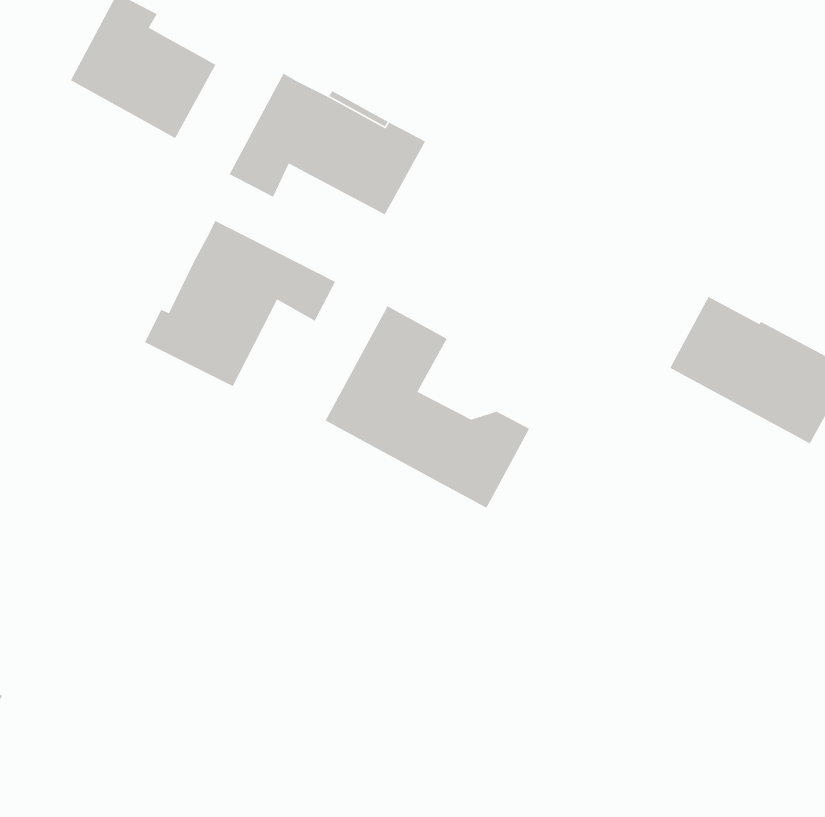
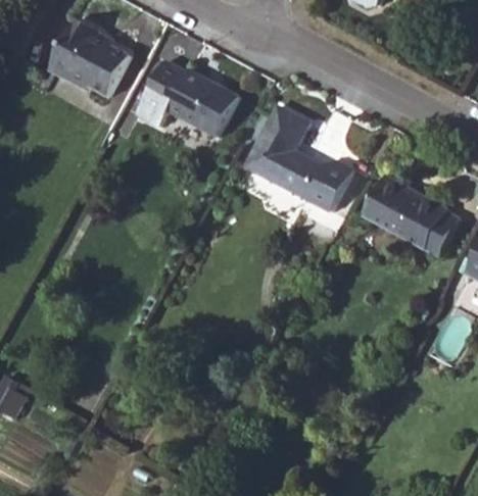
building: [144,220,336,387] -> none
building: [324,305,530,509] -> [244,105,351,211]

